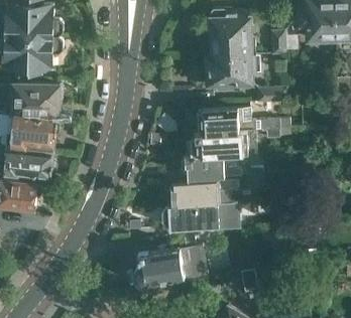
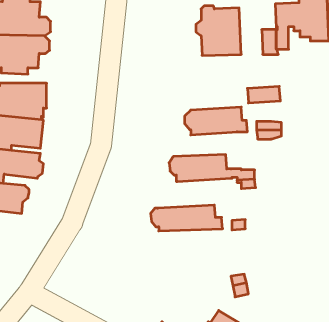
building: [202,55,255,90] -> none
building: [191,131,247,155] -> none
building: [167,180,235,205] -> none
building: [134,230,208,284] -> none

